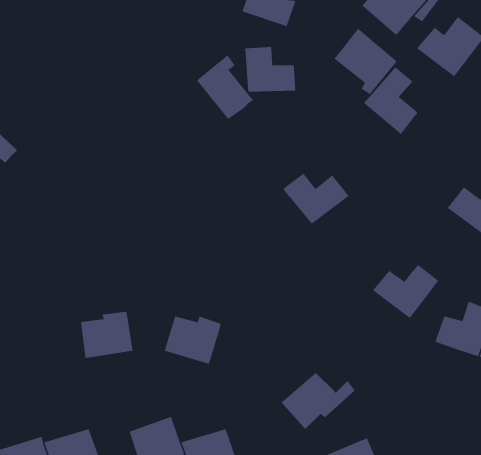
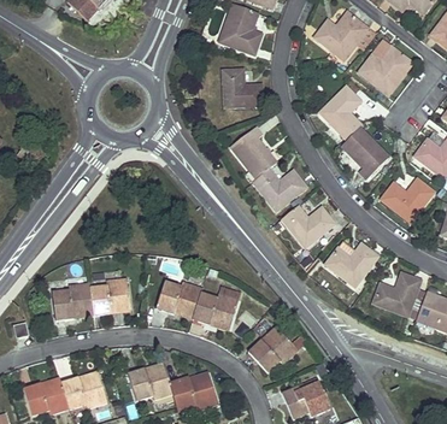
building: [334,28,397,95] -> [339,123,389,176]
building: [196,55,254,120] -> [229,128,275,179]
building: none -> [280,206,333,248]
building: none -> [54,284,94,322]
building: none -> [193,289,240,332]

